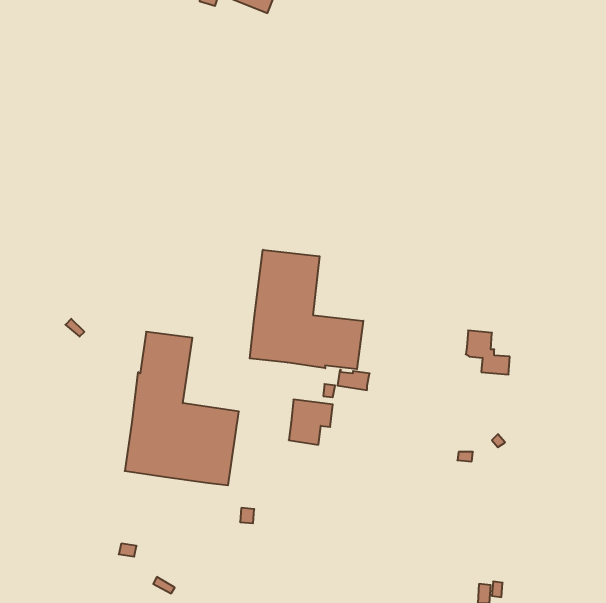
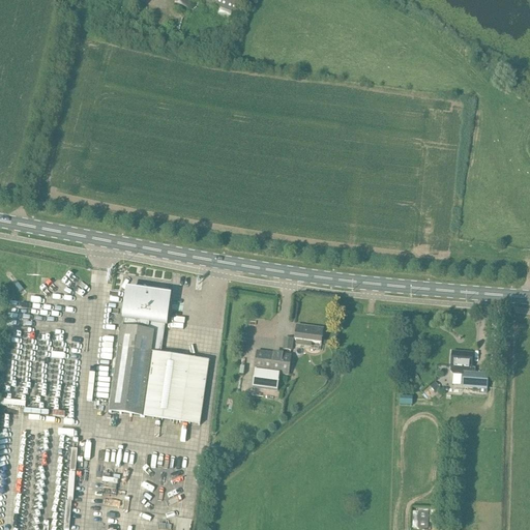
building: [250,250,363,369] -> none
building: [466,330,510,374] -> [449,348,488,386]

